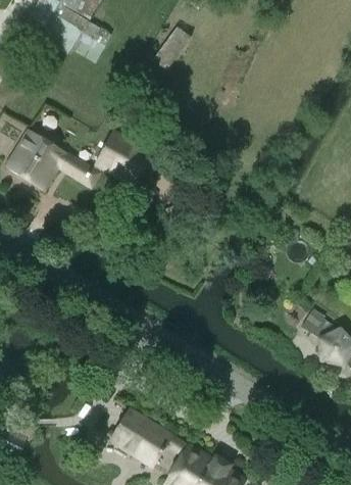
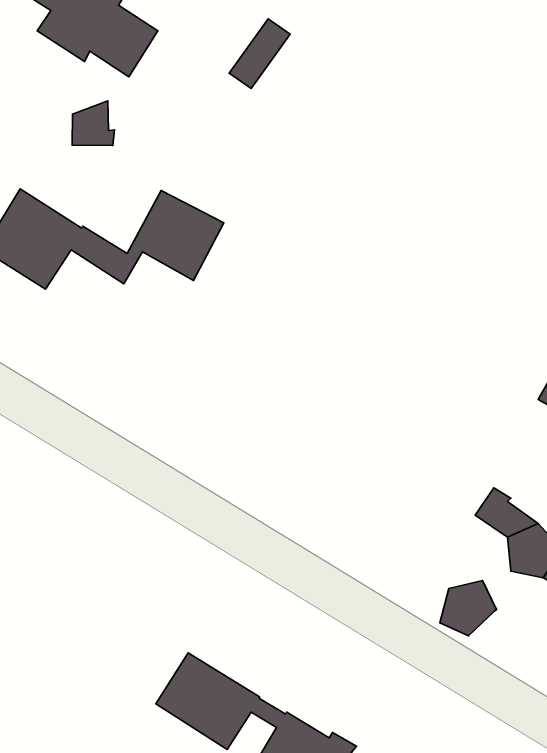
building: none -> [72,101,114,146]
building: none -> [440,581,497,636]

